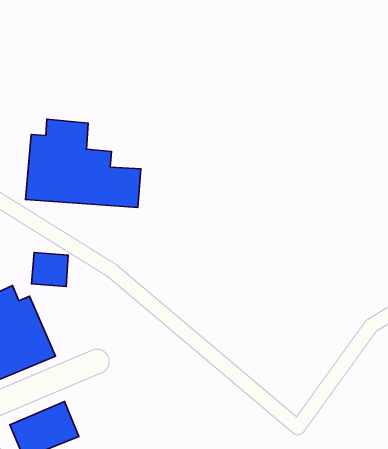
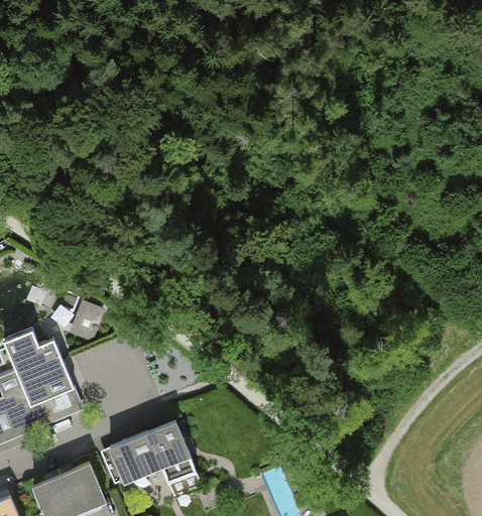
building: [26,119,141,208] -> none
building: none -> [107,418,200,496]

